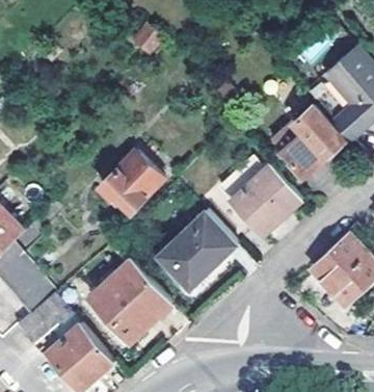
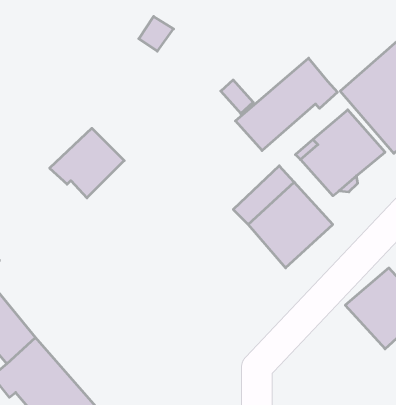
building: none -> [235,58,337,151]
building: [100,152,162,210] -> [50,128,124,198]
building: [158,212,238,290] -> none
building: [90,260,170,342] -> none

